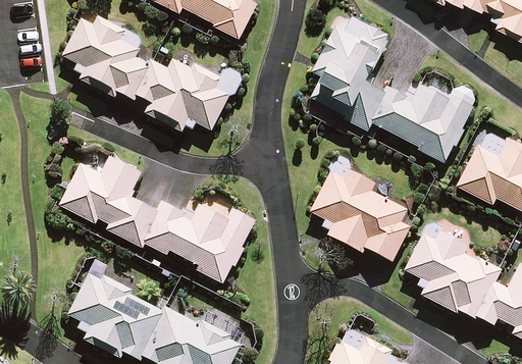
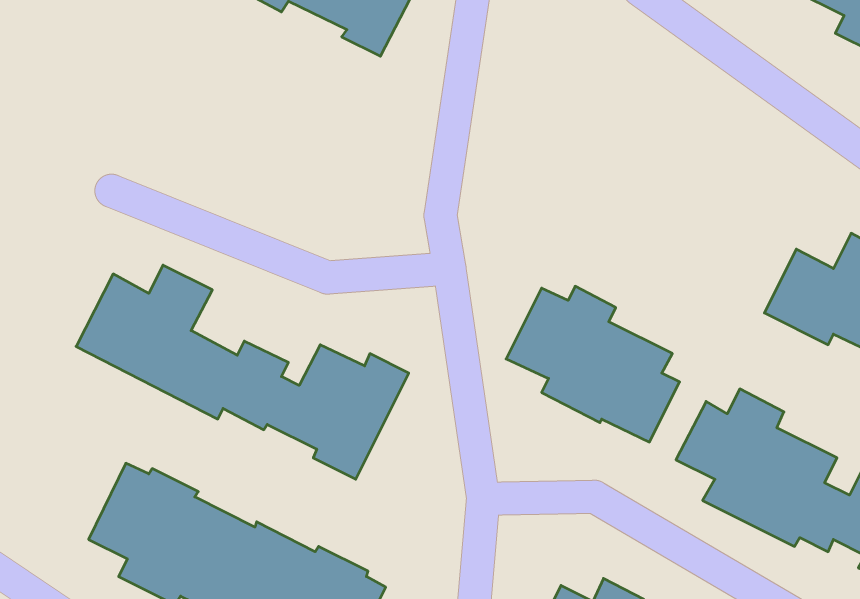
building: [64,16,227,129] -> none
building: [314,24,471,160] -> none

